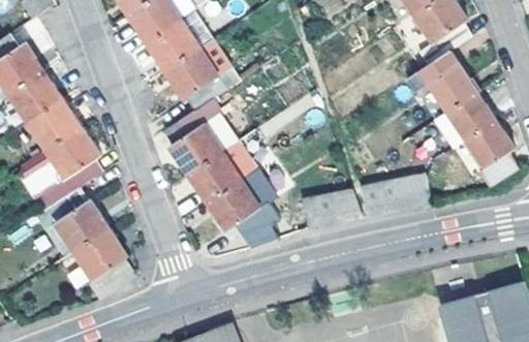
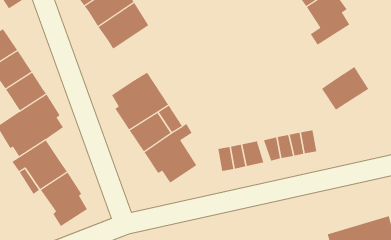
building: [165,38,239,110] -> none
building: [406,51,476,111] -> none
building: [466,120,517,186] -> none

